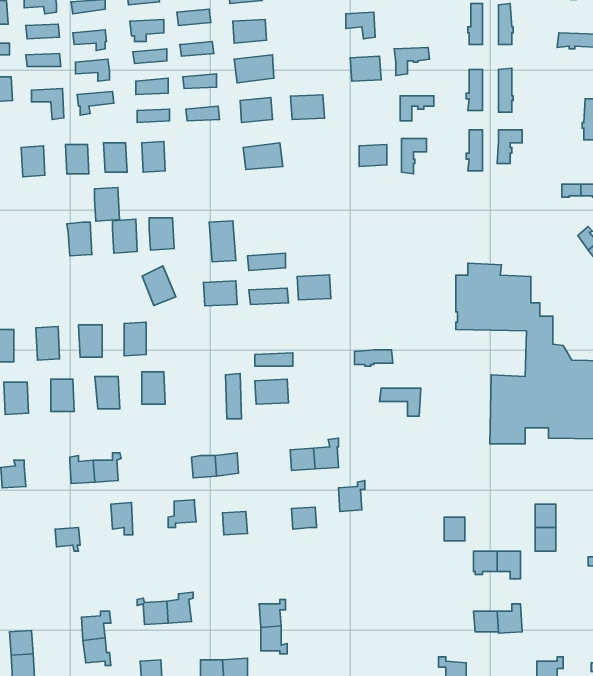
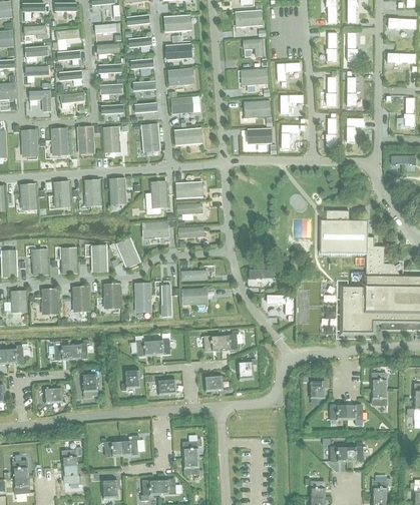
building: [291,95,324,120] -> [247,100,270,117]
building: none -> [140,124,159,146]
building: [95,187,119,221] -> [19,183,36,206]
building: [142,266,176,306] -> [117,241,140,269]
building: [297,275,331,300] -> [174,181,197,198]
building: none -> [133,283,150,306]

